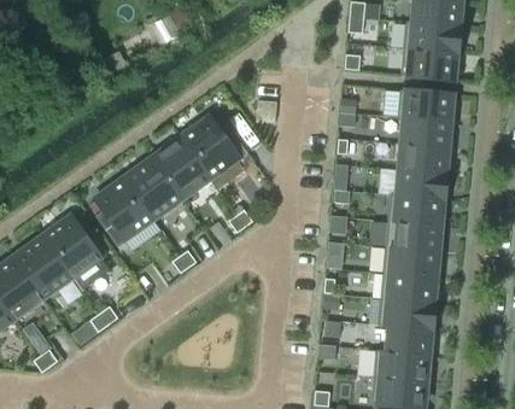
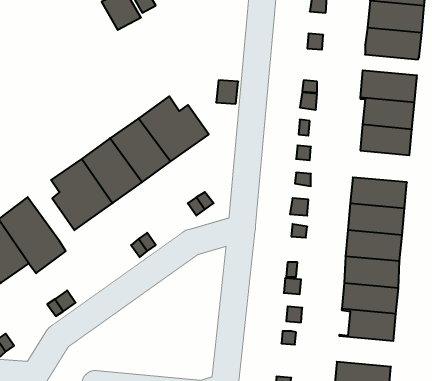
building: [390,168,445,199] -> none
building: [374,350,429,380] -> none

